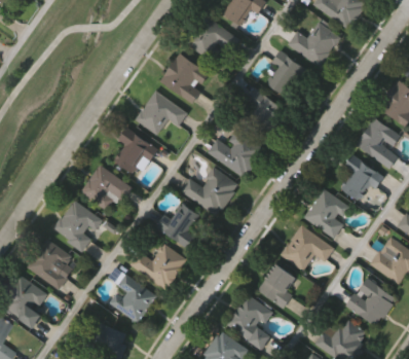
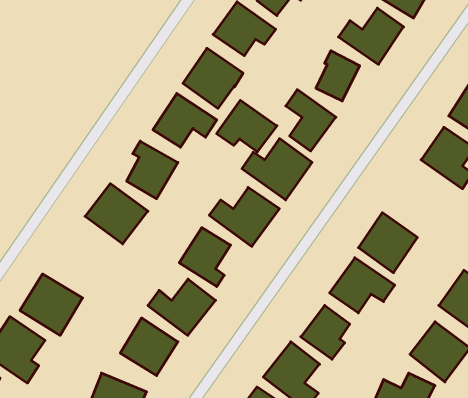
building: none -> [217,100,277,152]
building: [340,155,383,201] -> none
building: [53,200,104,251] -> none

